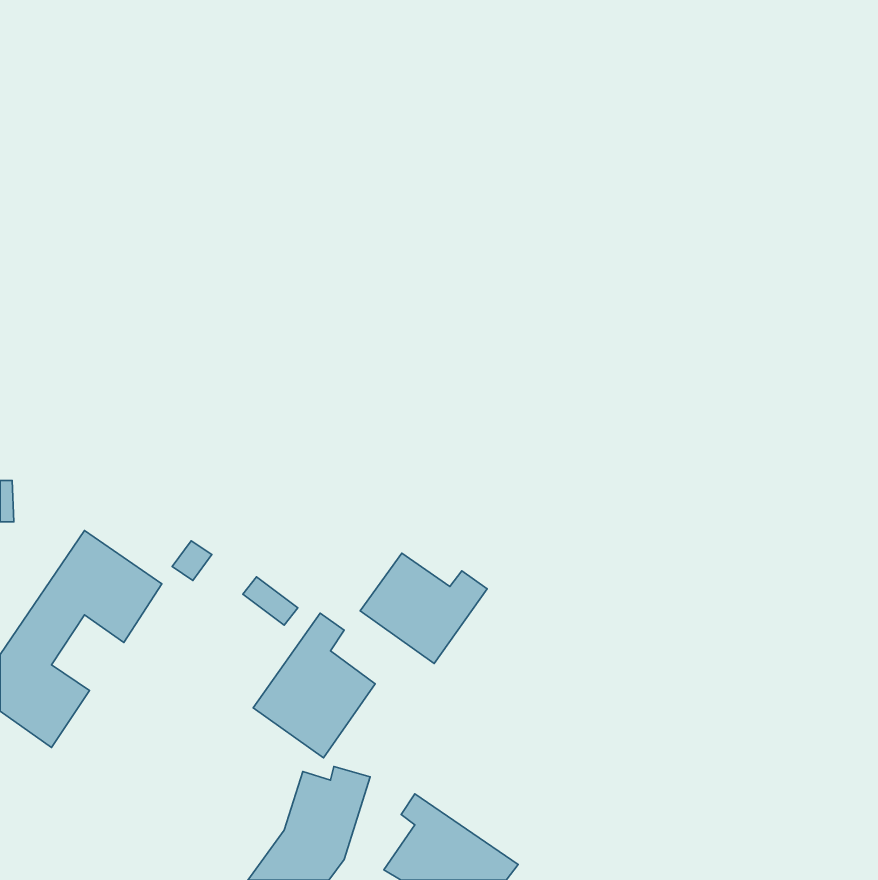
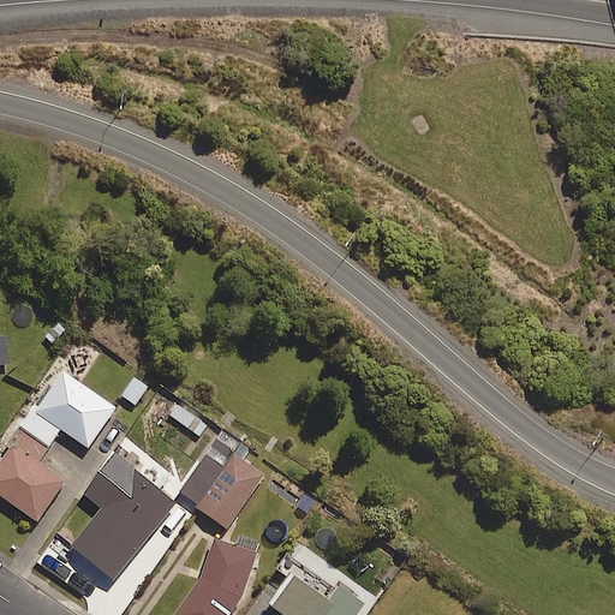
building: [360,553,487,663] -> none
building: none -> [71,456,174,580]

